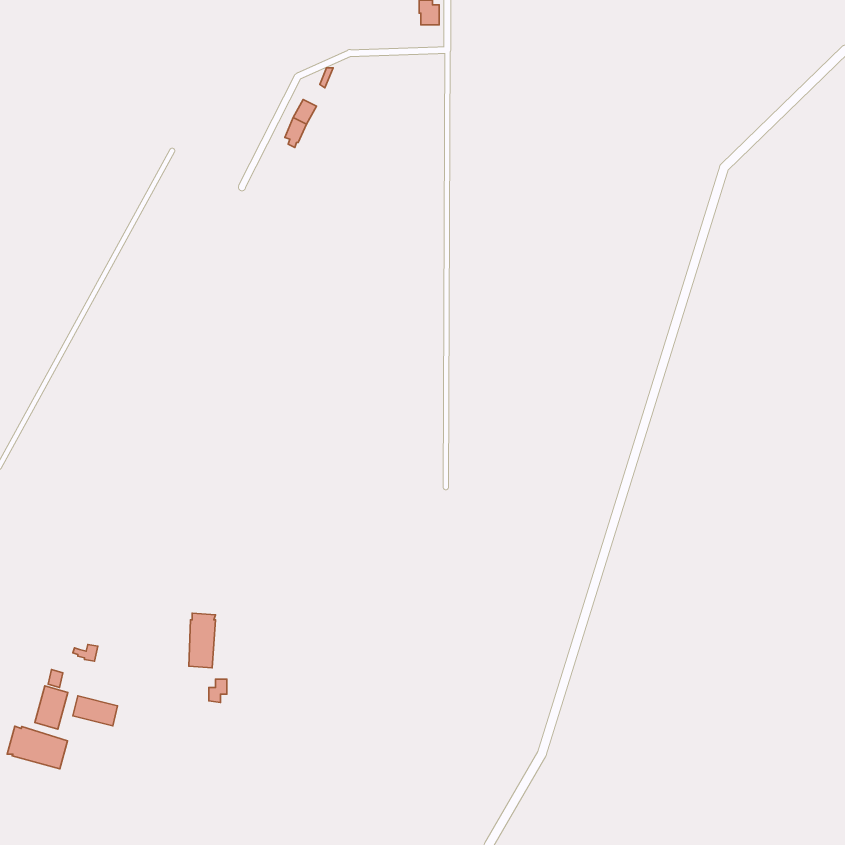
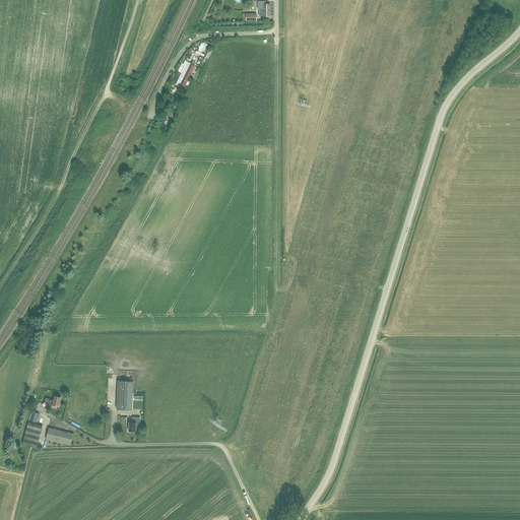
building: [7,726,67,769] -> none

